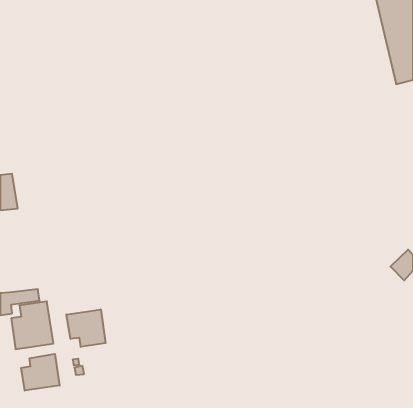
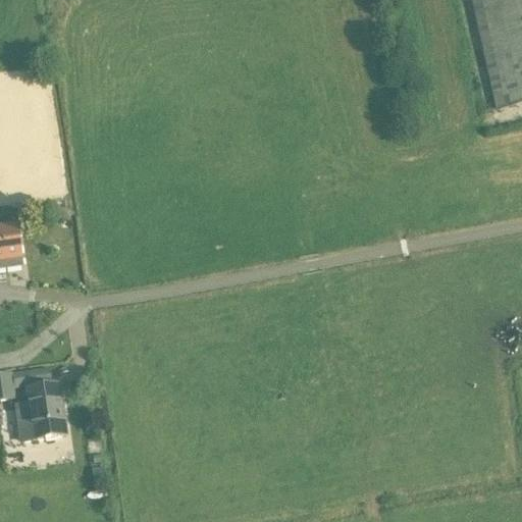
building: [66,309,106,347] -> none
building: [21,354,60,391] -> none

